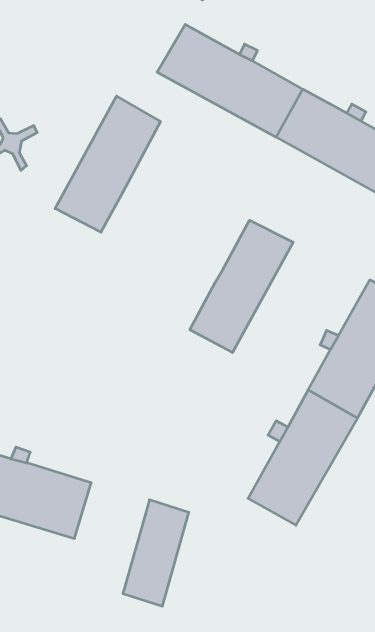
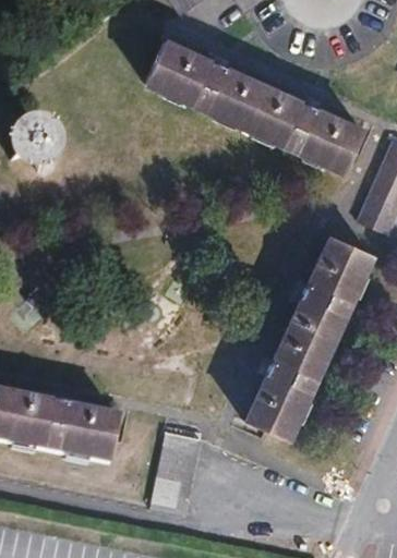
building: [55,96,160,232] -> none
building: [190,220,293,353] -> none

